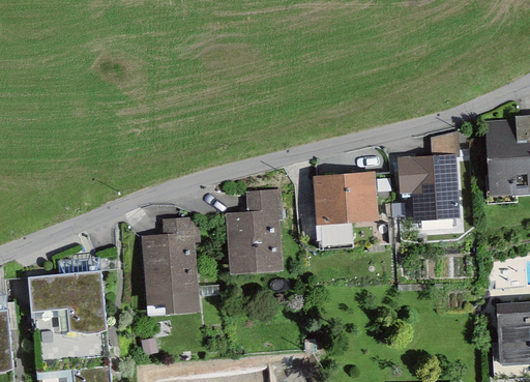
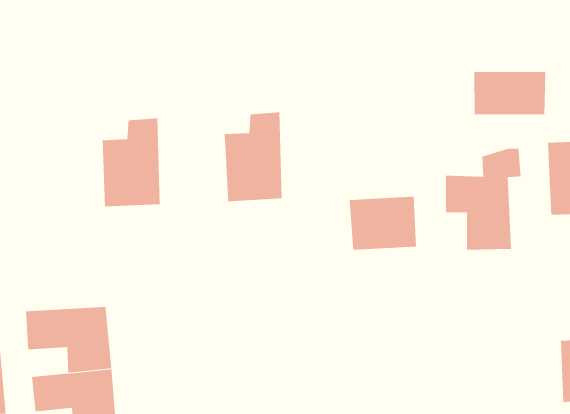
building: none -> [474,71,546,115]
building: [228,194,279,273] -> [224,112,283,202]
building: [143,219,195,298] -> [102,118,161,207]

